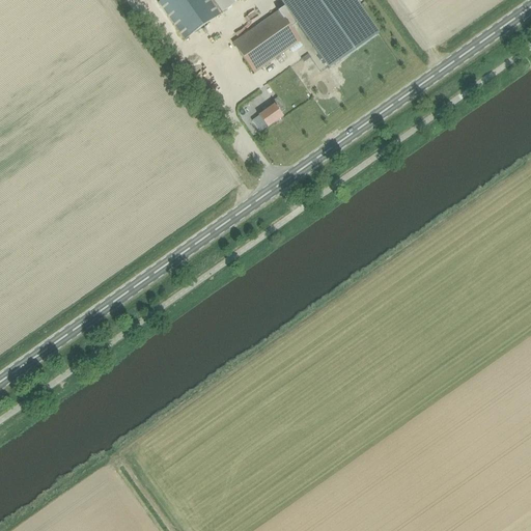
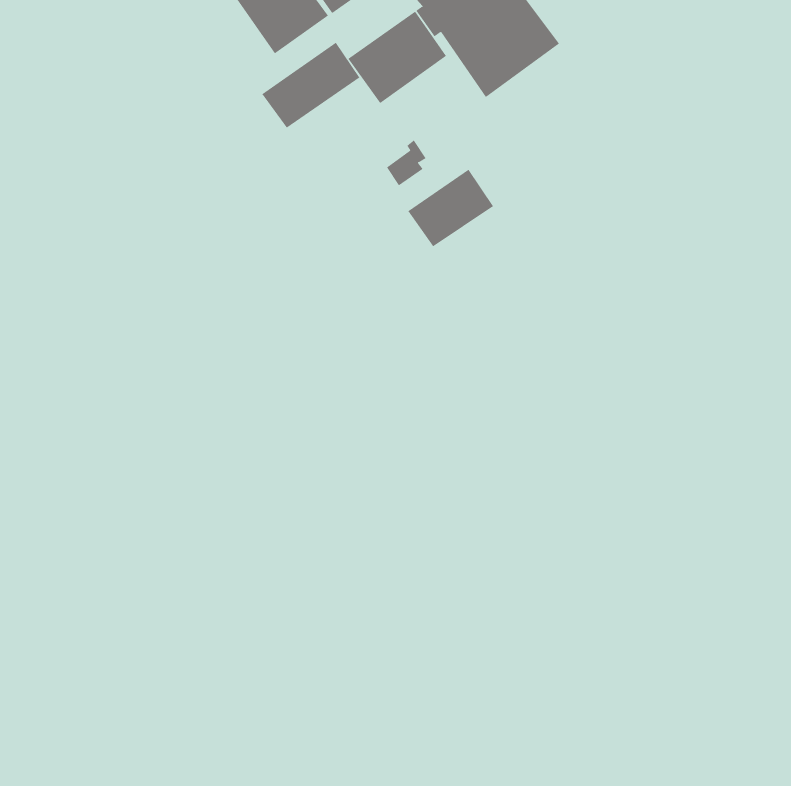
building: none -> [262,42,360,129]
building: none -> [407,169,494,247]

